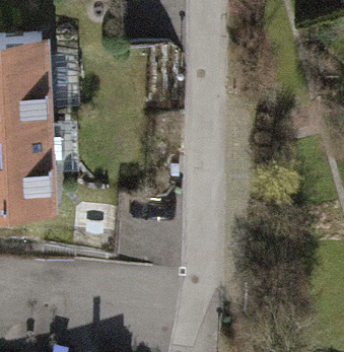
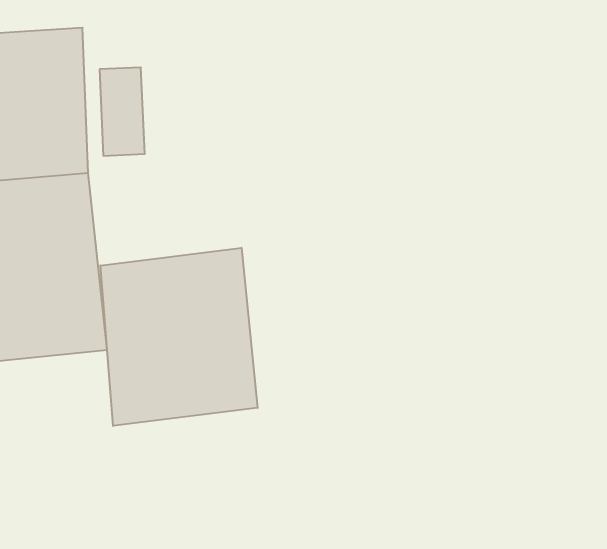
building: none -> [100,248,258,426]

